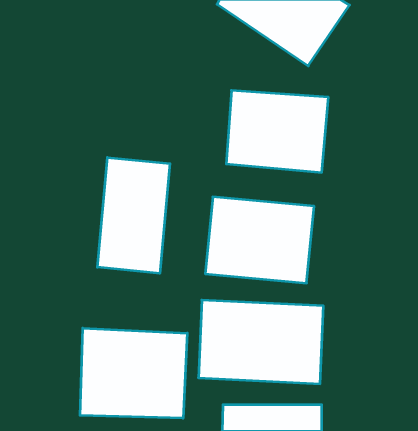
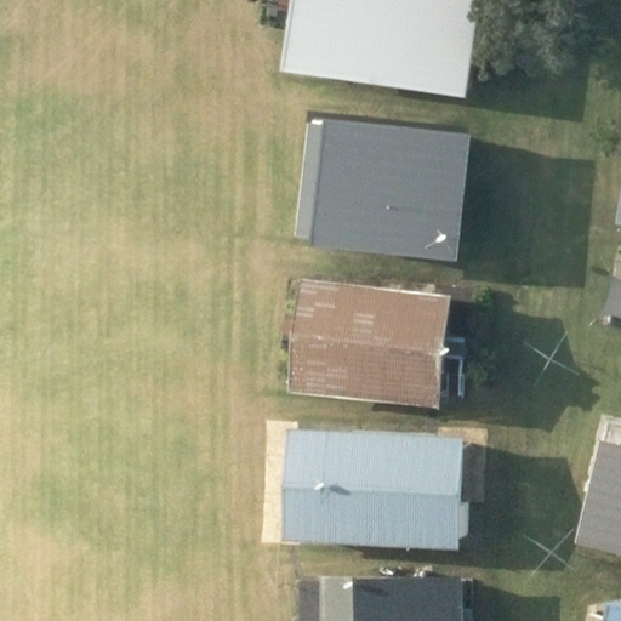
building: [97,157,170,273] -> none
building: [80,328,187,418] -> none

